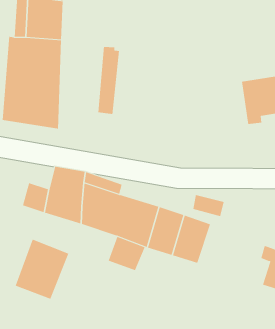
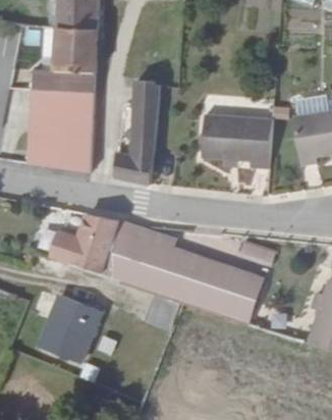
building: none -> [199,115,272,169]
building: none -> [113,151,152,181]

